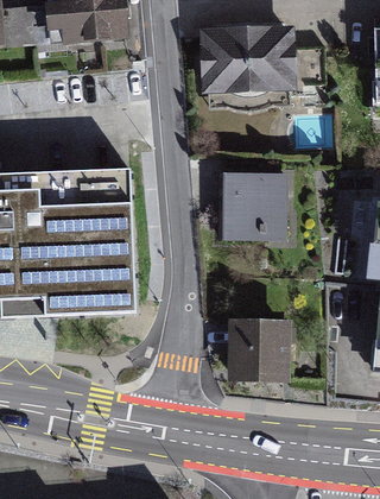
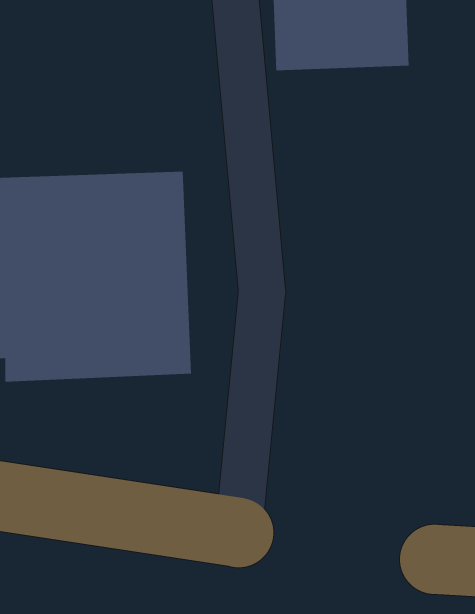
building: [222,172,287,236] -> none
building: [235,311,296,373] -> none

